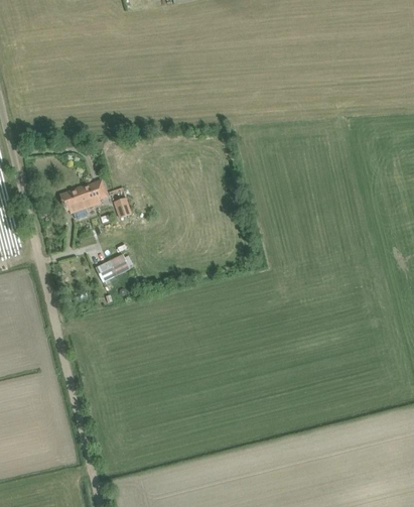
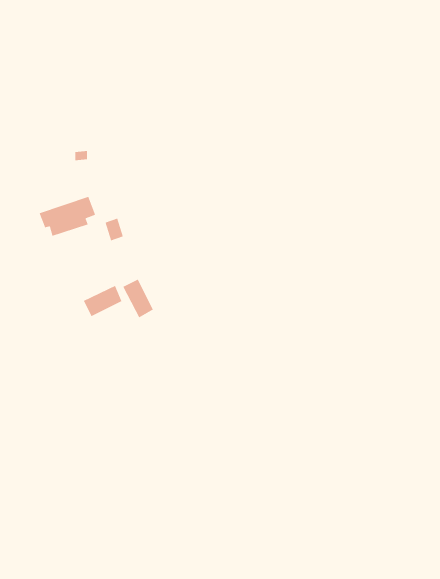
building: none -> [122,279,154,319]

